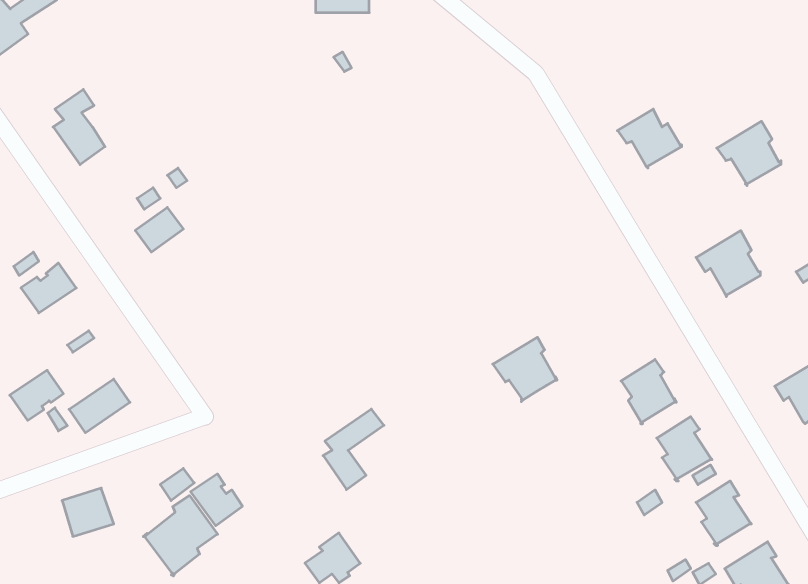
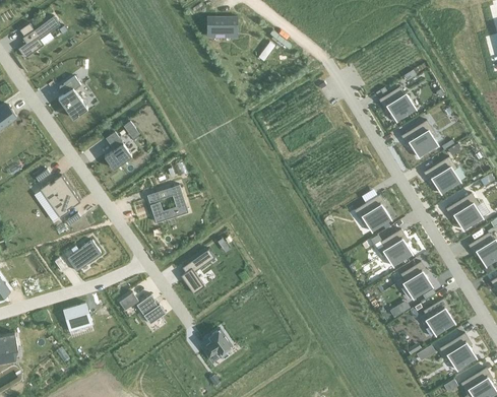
building: [717,121,781,186] -> [401,122,438,158]
building: none -> [147,186,188,223]
building: none -> [446,194,483,230]
building: [493,337,557,402] -> [355,196,391,233]
building: [10,370,63,420] -> [50,190,80,218]
building: [323,409,384,490] -> [181,250,215,295]
building: [143,496,218,576] -> none

